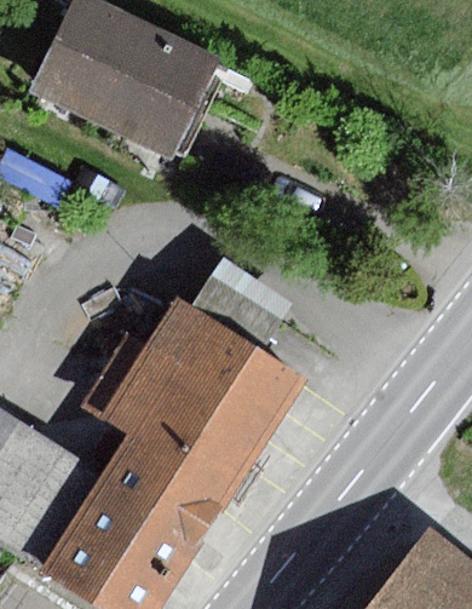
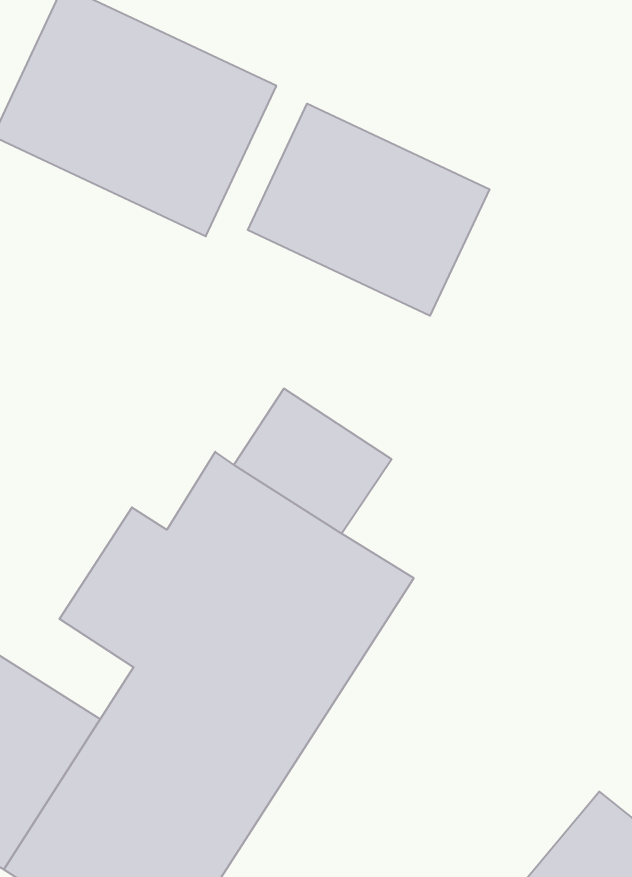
building: none -> [248,104,489,316]

